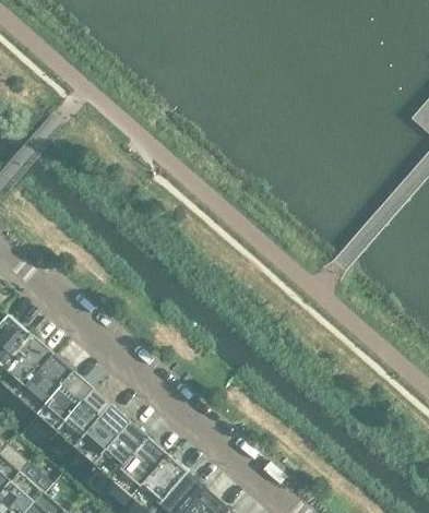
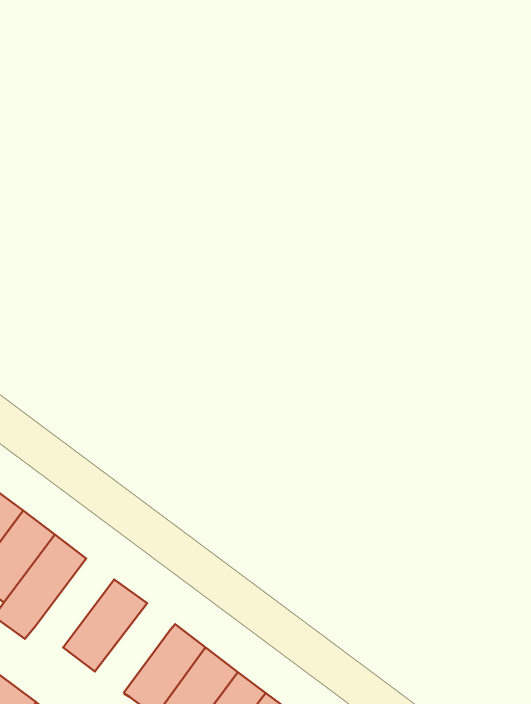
building: [55,389,109,446] -> none
building: [92,421,147,479] -> none

